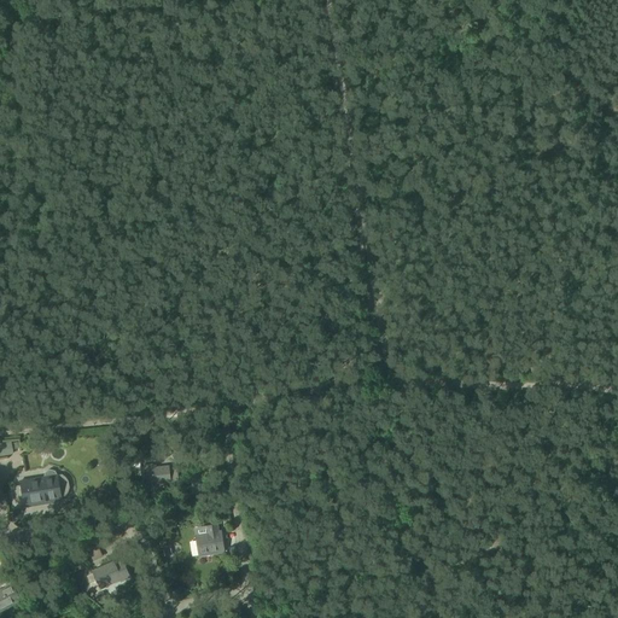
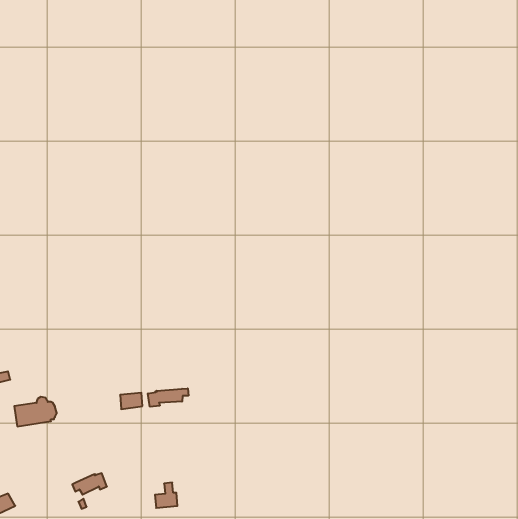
building: none -> [148,388,188,407]
building: [194,526,221,556] -> [155,483,177,508]

